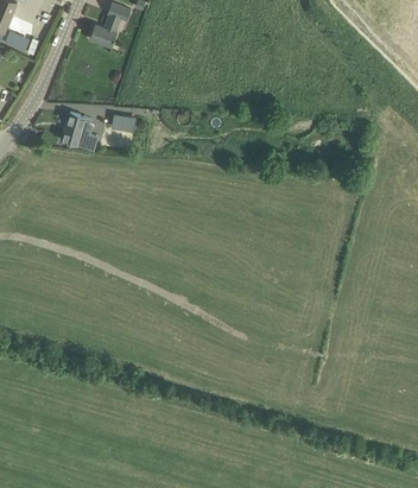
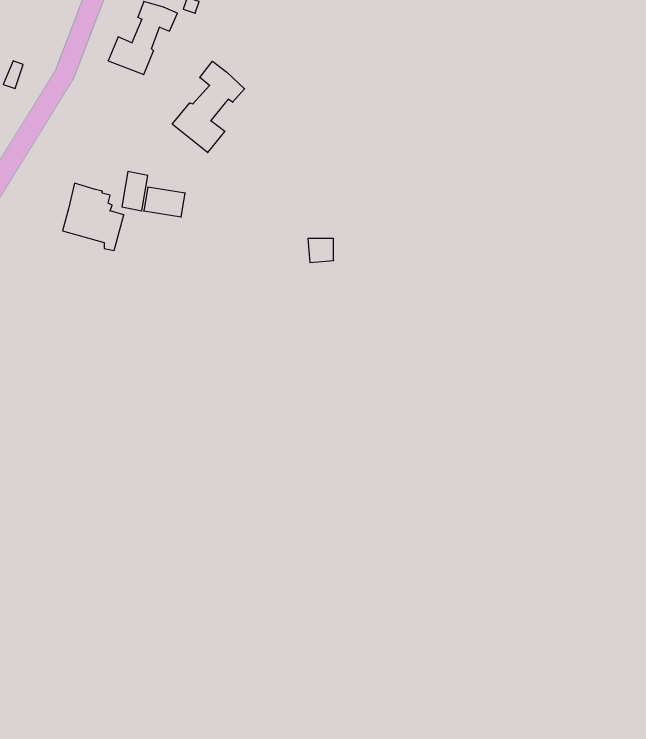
building: none -> [172,61,245,153]

